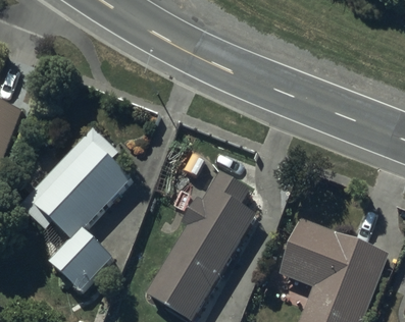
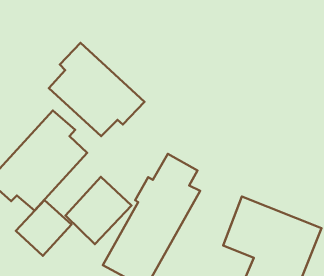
building: none -> [49,43,145,136]
building: none -> [65,177,132,244]

